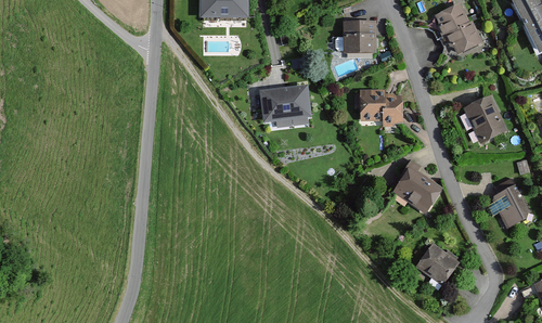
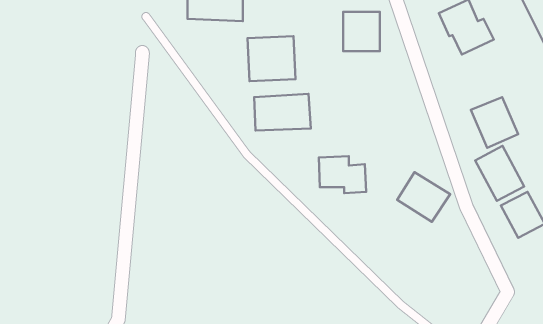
building: none -> [248,36,295,81]
building: [358,91,402,126] -> [319,156,366,193]
building: none -> [475,146,524,201]
building: [412,238,460,285] -> none

